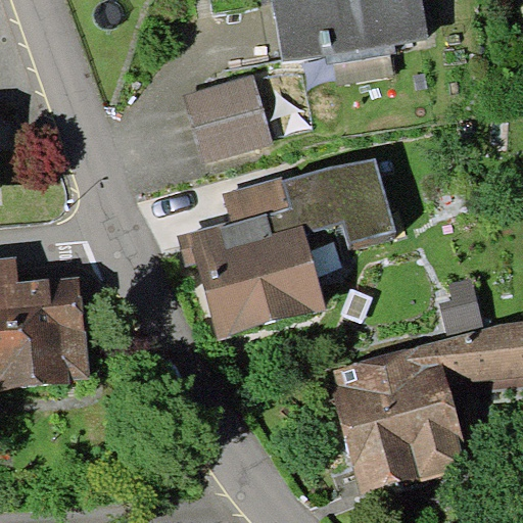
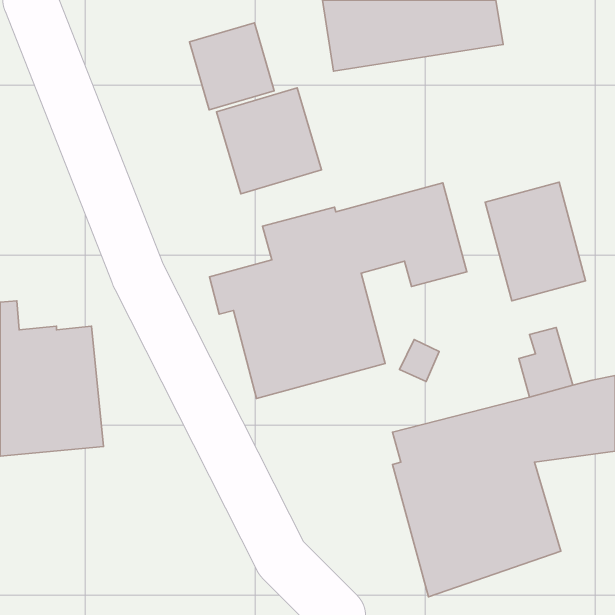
building: none -> [190,23,274,110]
building: none -> [485,182,586,301]

